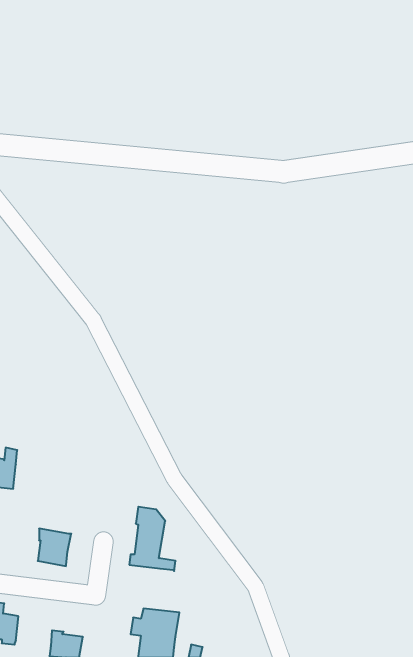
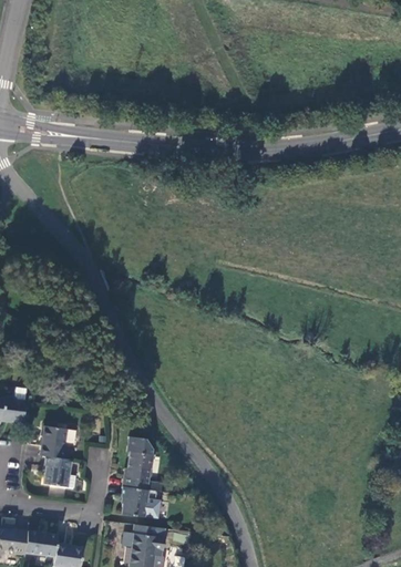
building: none -> [39,425,71,460]
building: none -> [121,486,148,517]
building: none -> [24,530,56,556]

